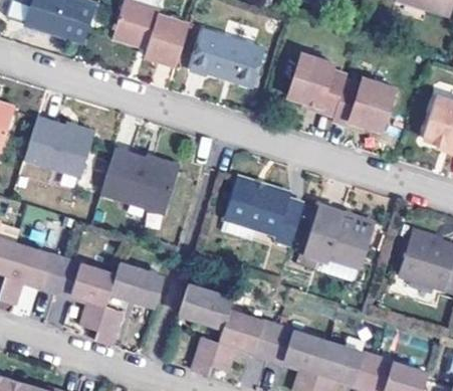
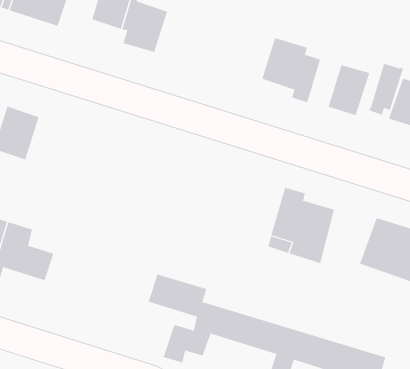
building: [197,31,271,87] -> none
building: [334,74,370,127] -> [369,63,404,115]
building: [55,133,94,183] -> none
building: [104,151,180,217] -> none
building: [214,175,298,245] -> none
building: [74,265,157,347] -> none

